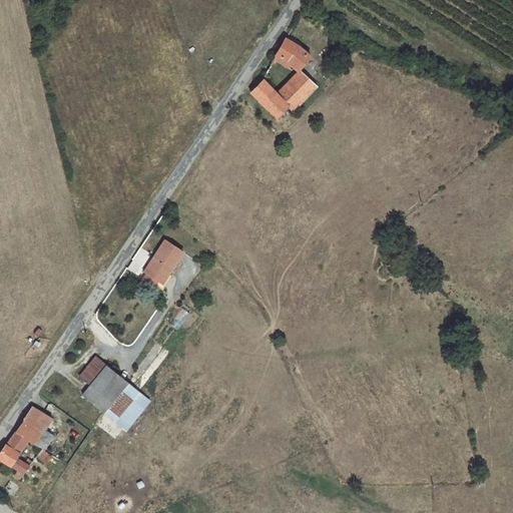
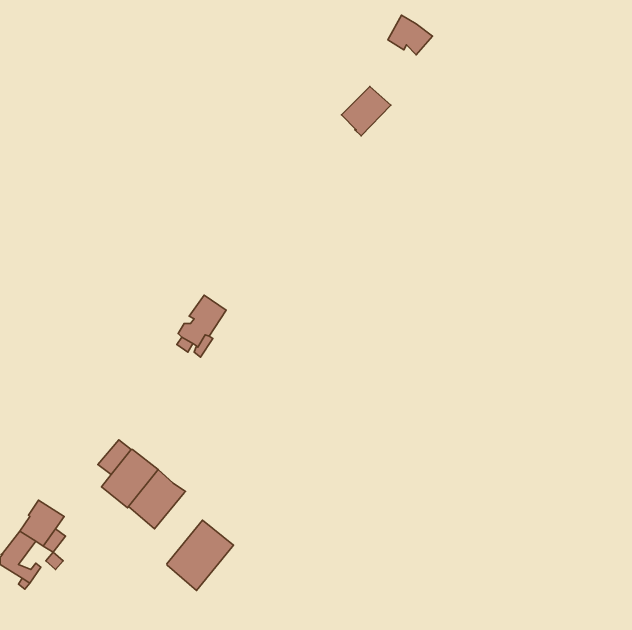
building: [275,38,311,70] -> [388,15,432,55]
building: [251,79,289,117] -> none
building: none -> [167,520,233,590]

